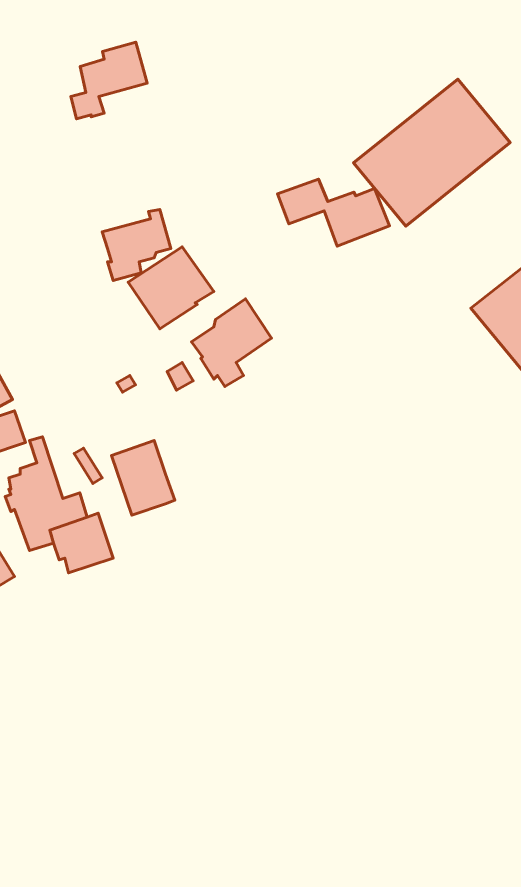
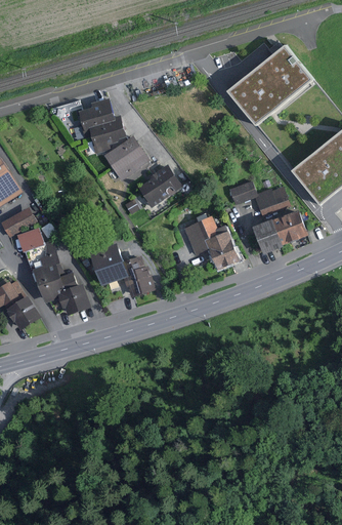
building: [71,42,147,119] -> [72,98,114,140]
building: [278,179,389,246] -> [227,181,289,218]
building: none -> [251,211,306,255]
building: none -> [184,212,241,270]
building: none -> [122,256,154,296]

